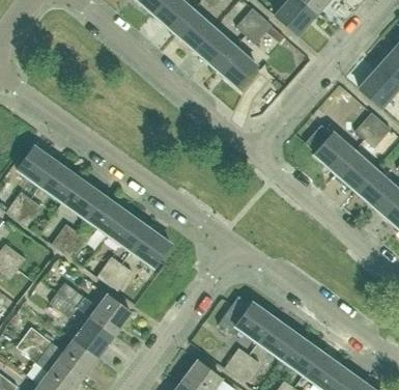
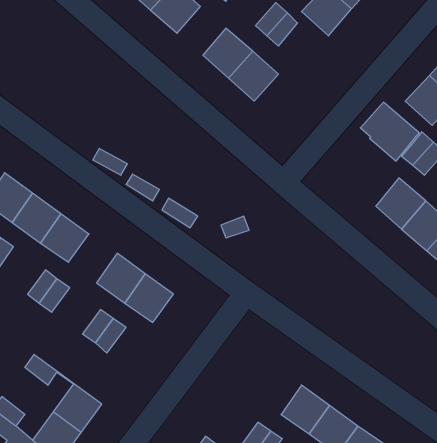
building: [174,10,213,50] -> none
building: [306,124,353,172] -> [360,102,419,161]
building: [86,195,125,234] -> none
building: [58,282,131,333] -> none
building: [218,295,275,341] -> none

